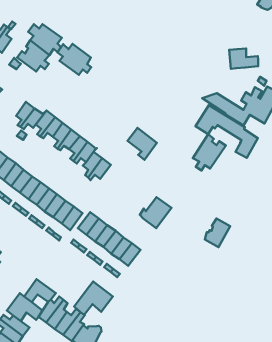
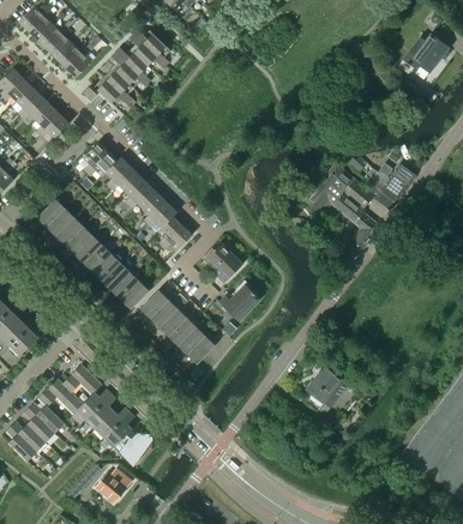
building: [57,44,91,75] -> [130,29,170,70]
building: [229,48,258,69] -> none
building: [128,128,157,160] -> [206,242,242,283]
building: [193,134,226,170] -> none
building: [205,218,230,247] -> [307,367,341,403]
building: [74,281,113,315] -> none

